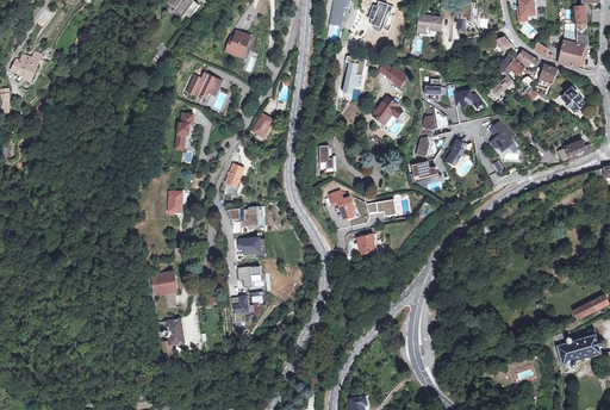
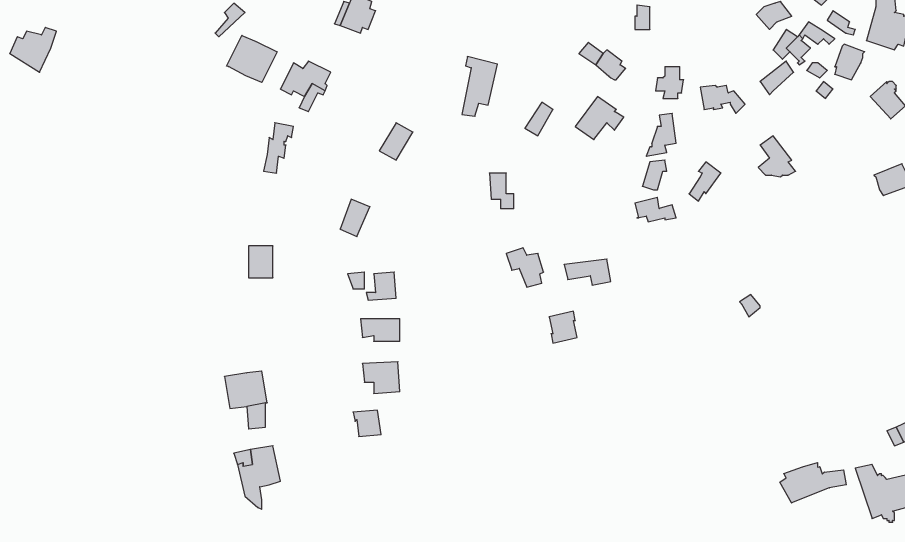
building: [346,56,368,94] -> [462,57,497,116]
building: none -> [227,35,277,82]
building: none -> [780,463,846,503]

